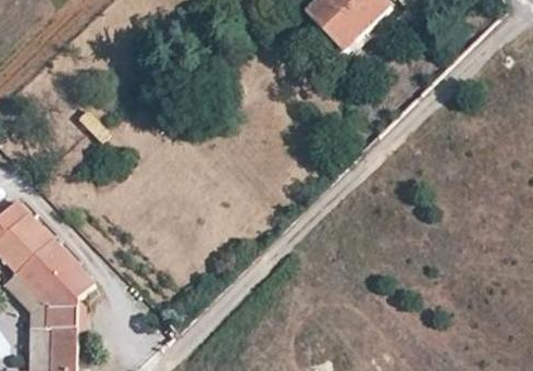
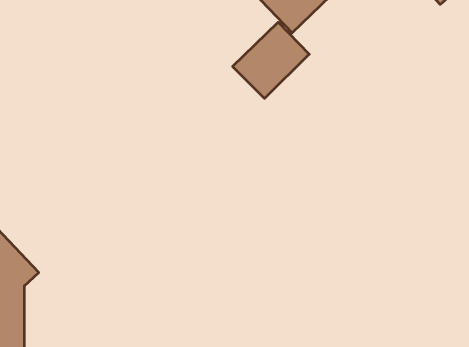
building: none -> [233,22,309,98]

